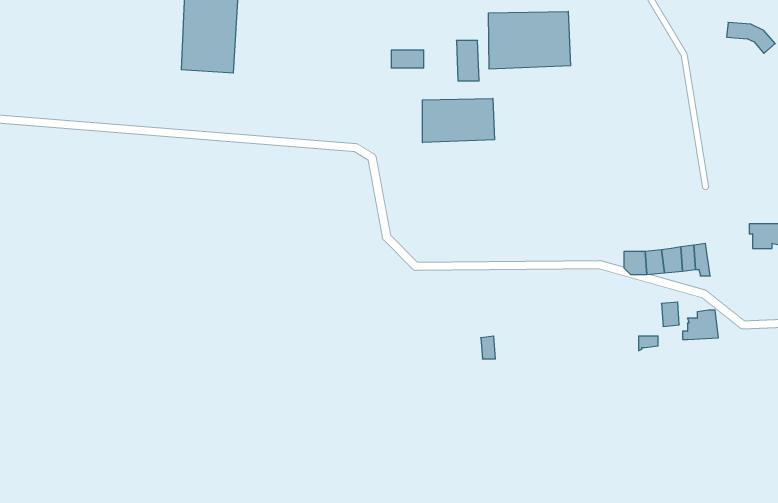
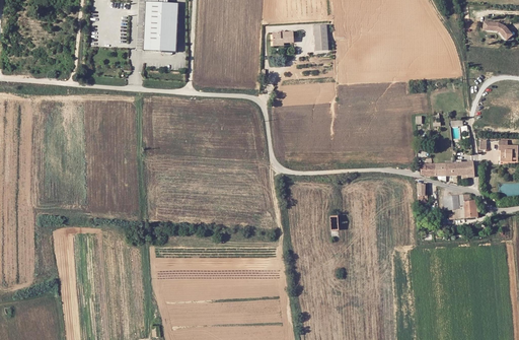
building: [489,11,570,69] -> none
building: [422,98,494,143] -> none

